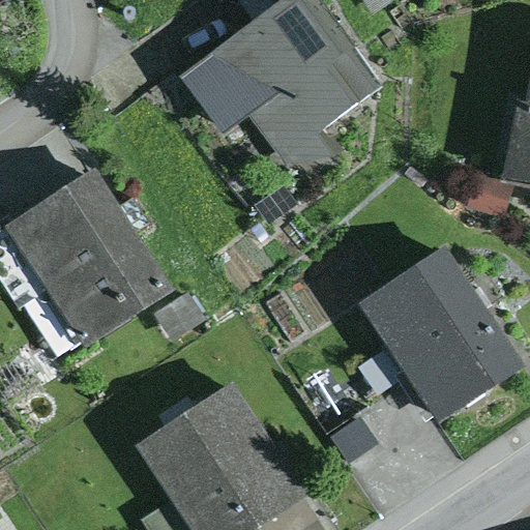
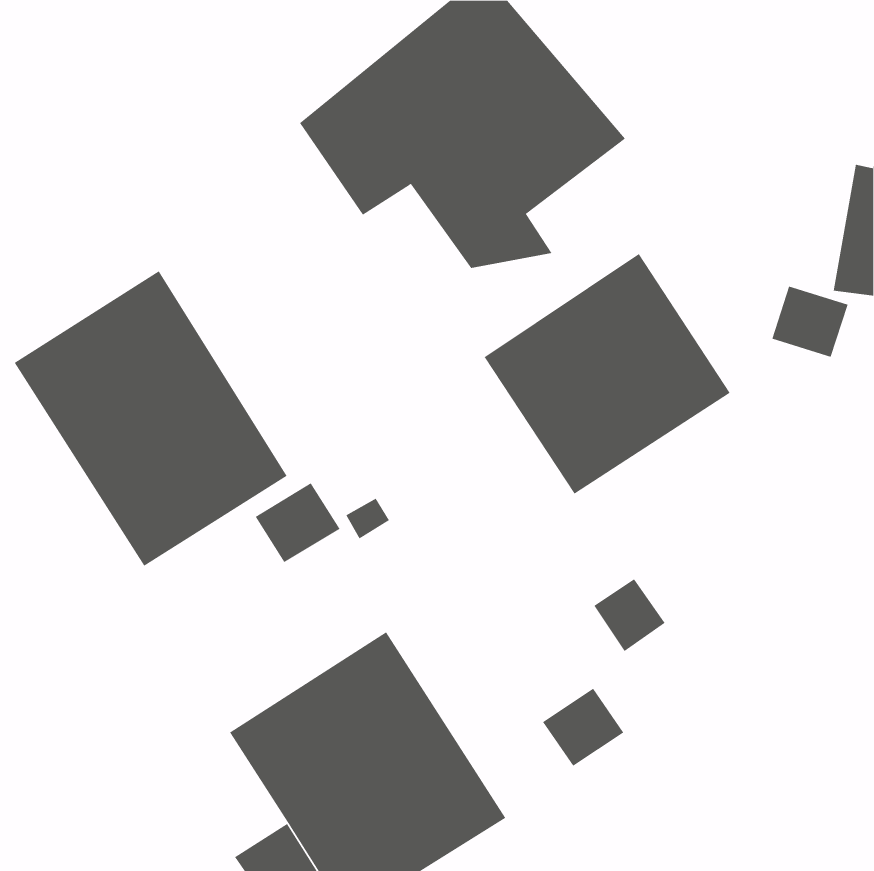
building: none -> [484,253,730,495]
building: [360,247,523,420] -> none

